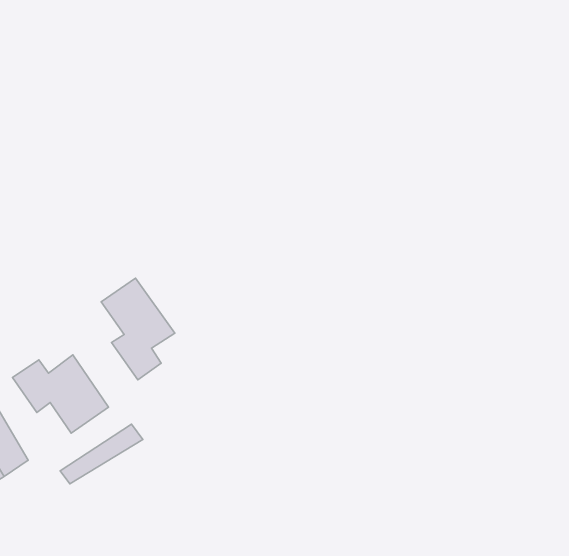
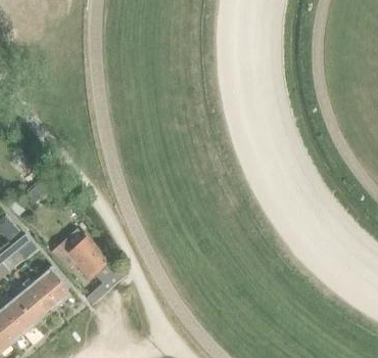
building: [101,278,175,380] -> none

